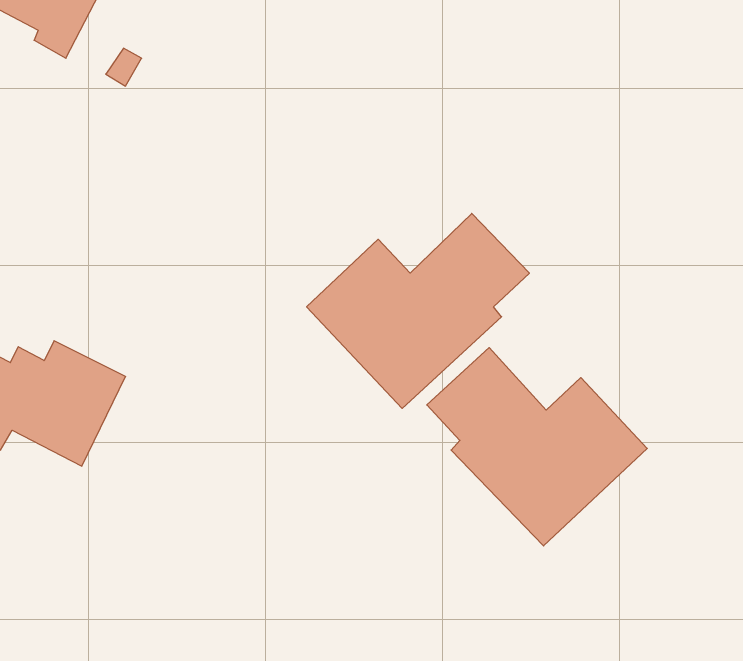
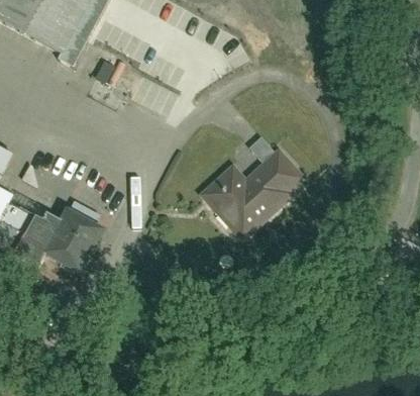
building: [427,348,647,546] -> none

